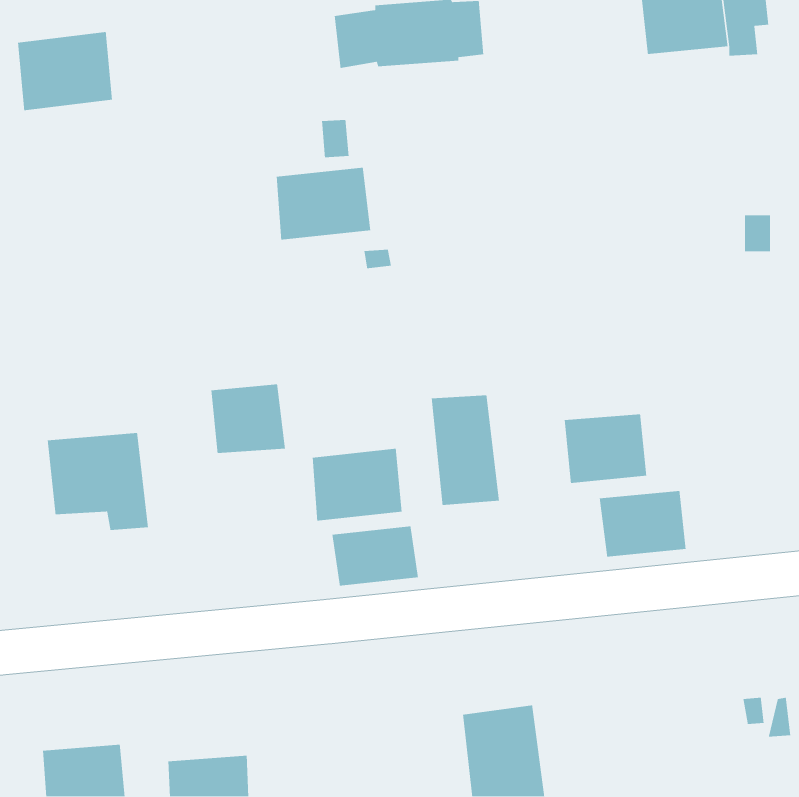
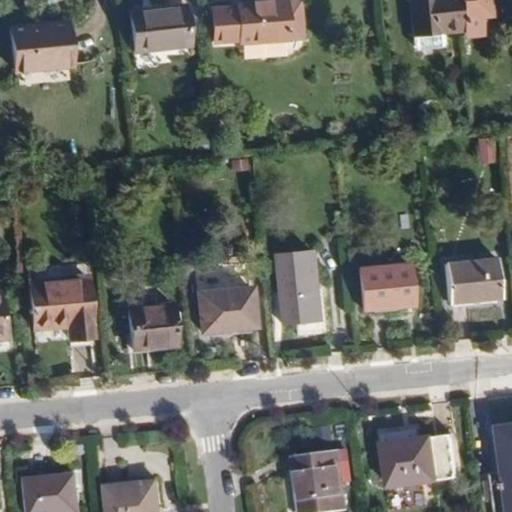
building: [276,167,371,240] -> [131,5,192,52]
building: [210,383,286,454] -> [130,304,178,349]
building: [599,490,686,557] -> [446,259,502,302]
building: [331,525,419,587] -> none
building: none -> [385,434,457,485]

